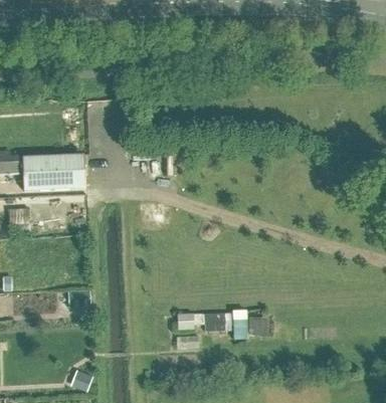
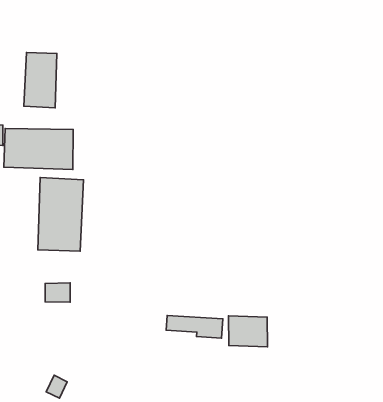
building: none -> [24,53,57,108]
building: none -> [38,177,84,251]

